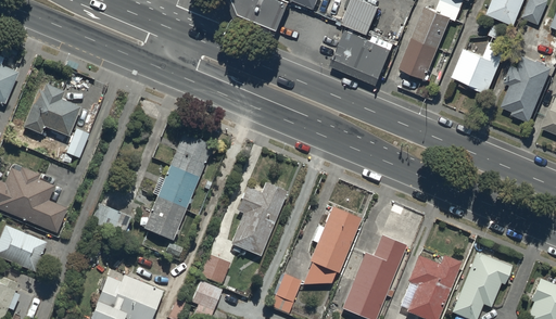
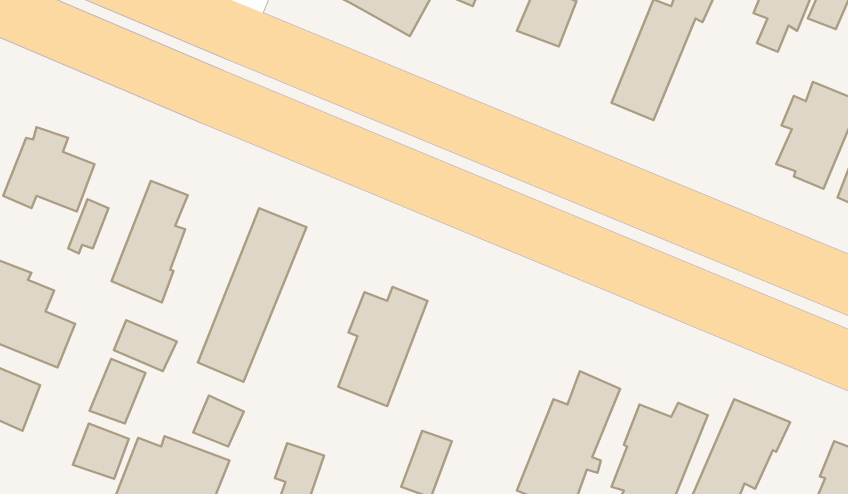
building: [329,29,390,84] -> none
building: [453,42,506,94] -> none
building: none -> [112,181,188,303]
building: [302,206,361,284] -> none
building: none -> [89,359,145,423]
building: [198,253,229,284] -> [193,396,244,446]
building: none -> [73,424,129,479]

